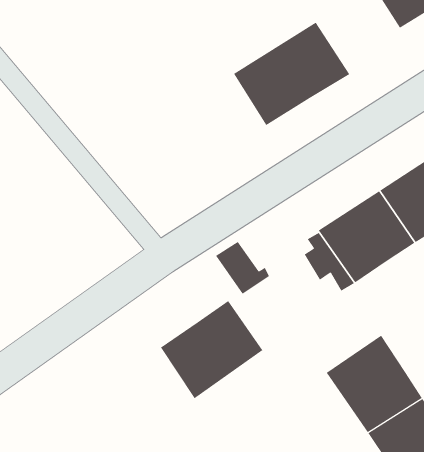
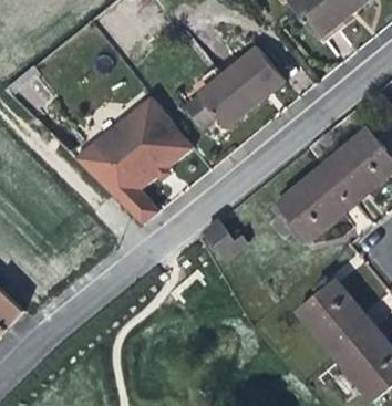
building: none -> [83,93,195,216]
building: [160,300,263,399] -> none

